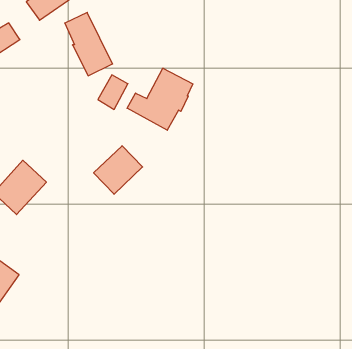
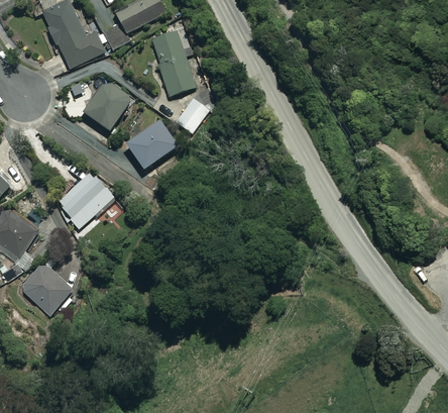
building: [127,68,193,130] -> none
building: none -> [83,81,132,131]
building: [94,146,143,194] -> [126,121,177,170]

